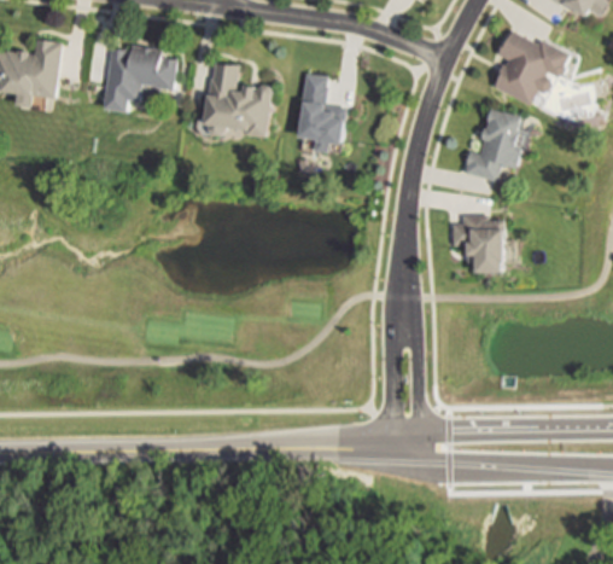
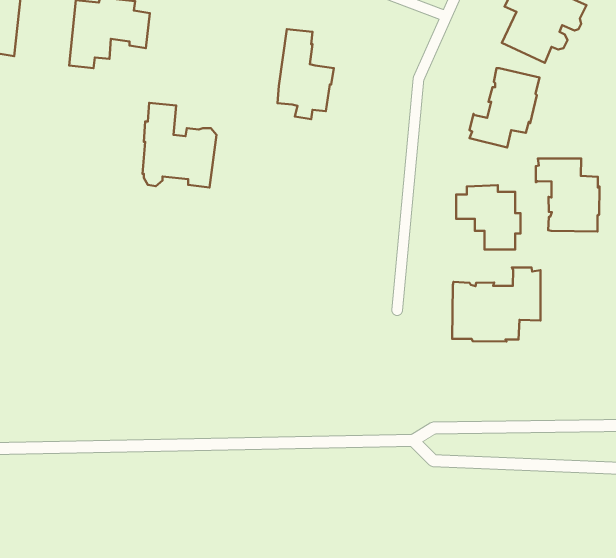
building: [209,63,275,139] -> [142,103,216,187]
building: none -> [536,159,600,231]
building: none -> [452,268,541,341]

